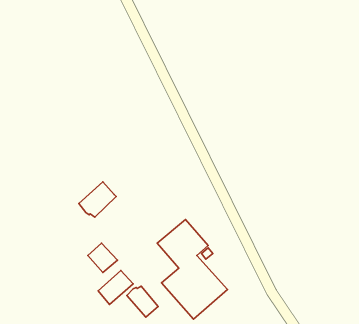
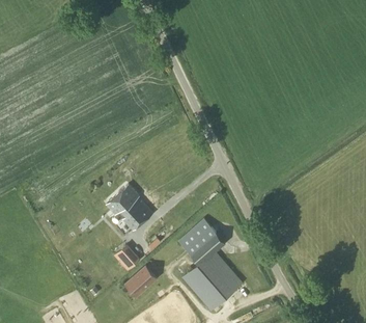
building: none -> [121,197,152,230]
building: [127,286,158,317] -> none

